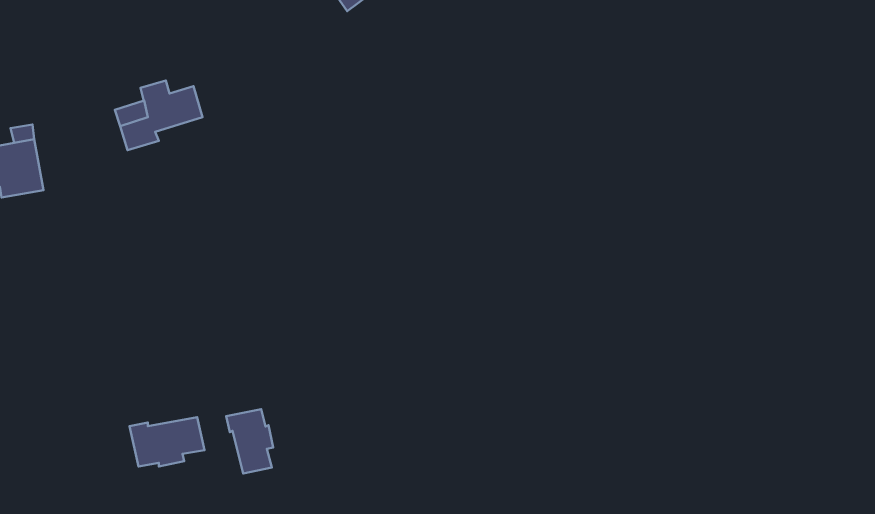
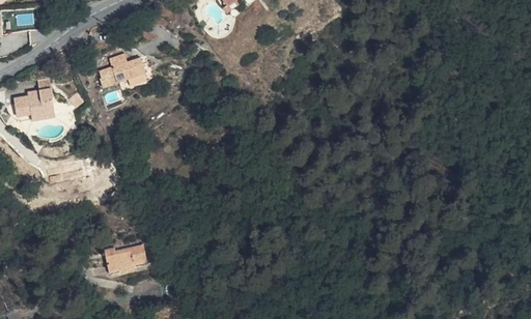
building: [226,409,273,474] -> none

